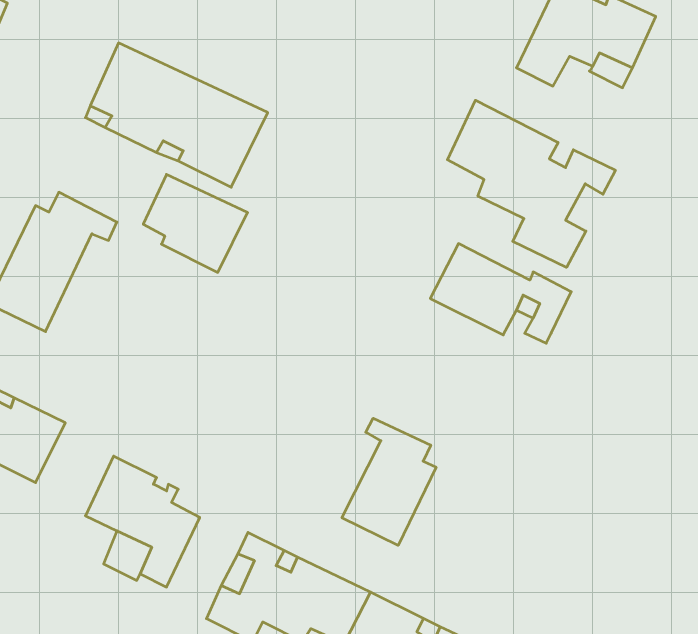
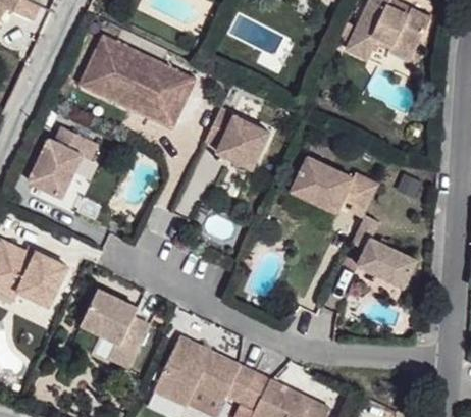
building: [447,100,615,267] -> none
building: [143,174,248,272] -> [206,109,270,169]
building: none -> [354,213,417,283]
building: [342,418,436,545] -> none

